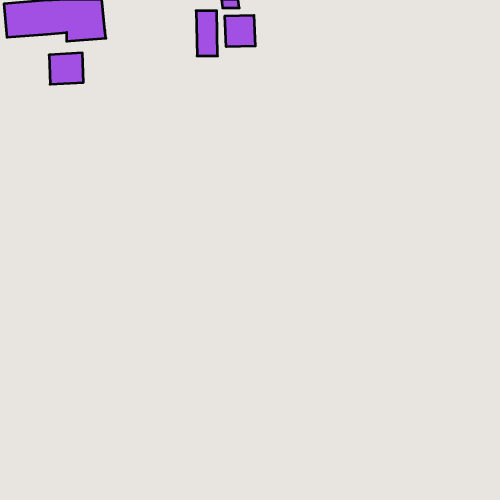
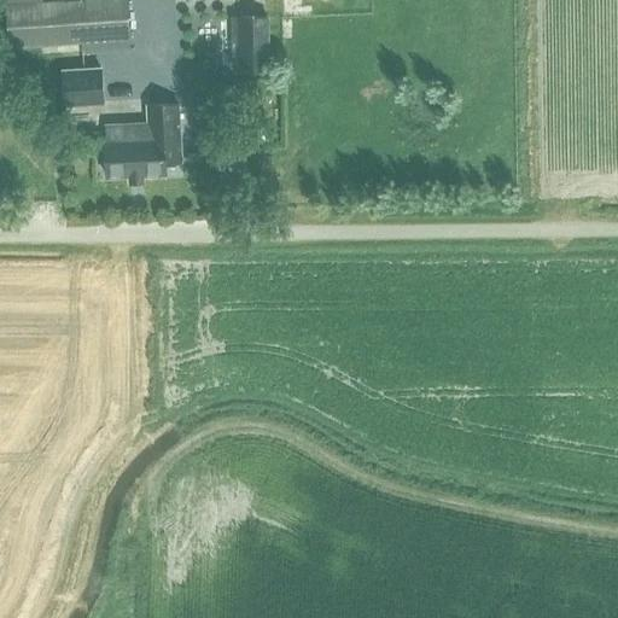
building: [225,15,255,47] -> none
building: none -> [104,101,181,180]

